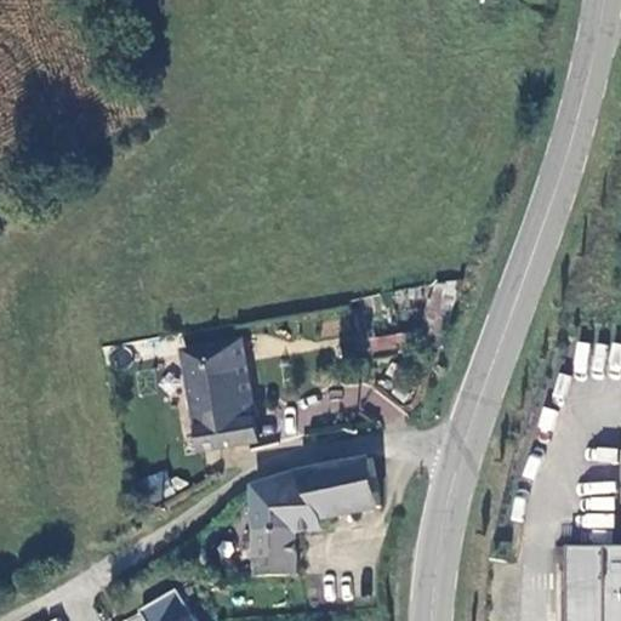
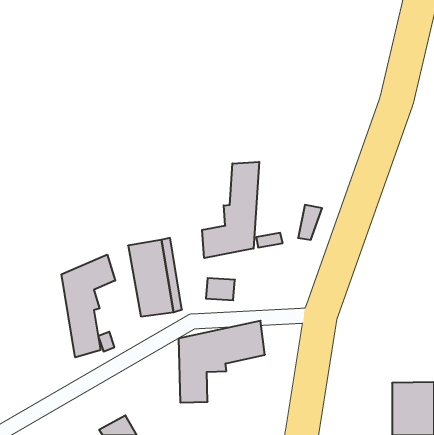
building: none -> [202,162,259,258]
building: none -> [61,255,115,357]

